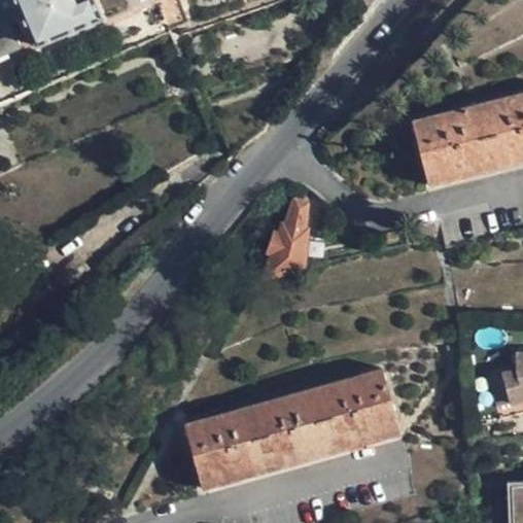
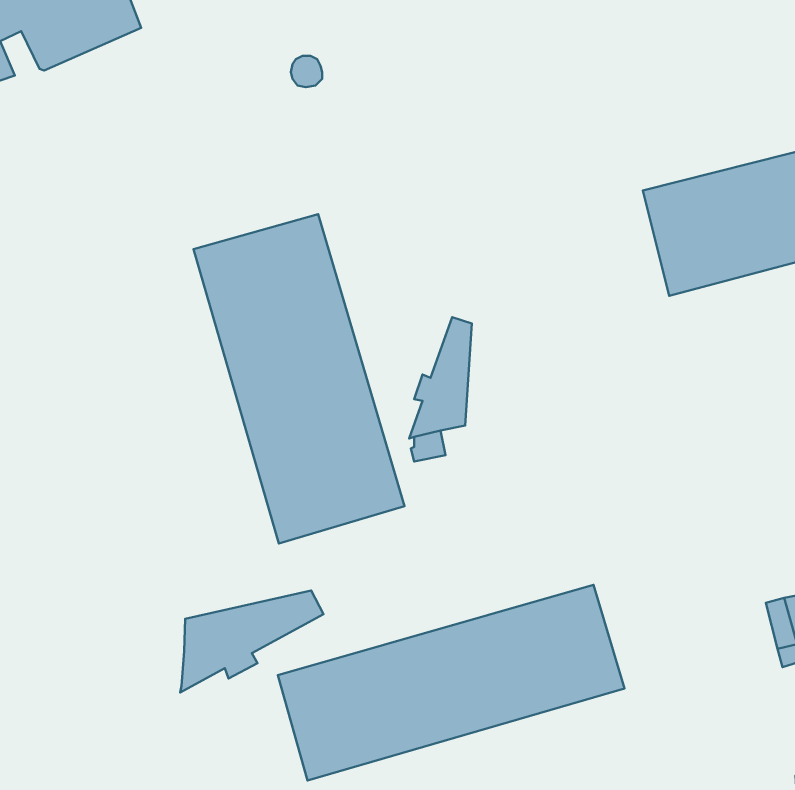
building: none -> [193,214,404,543]
building: none -> [180,590,323,692]

